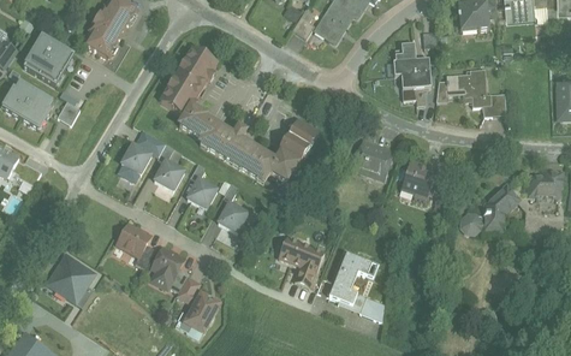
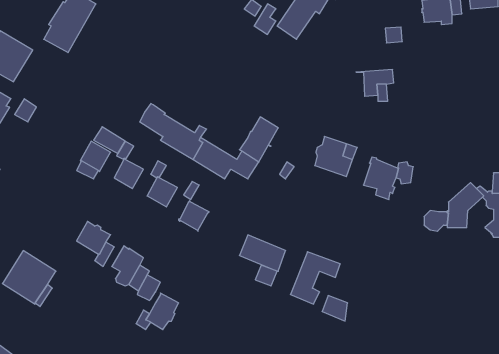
building: [393,40,429,76] -> none
building: [160,49,215,115] -> none
building: [446,70,505,117] -> none

